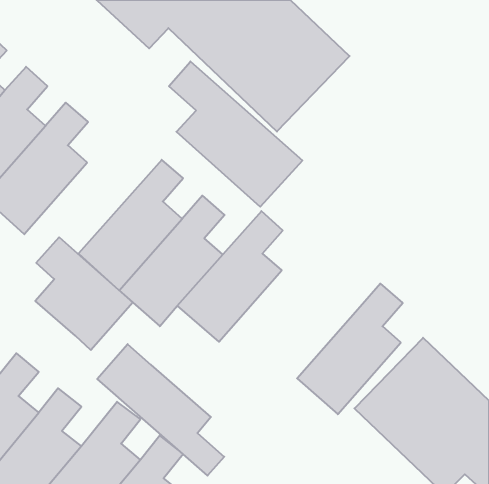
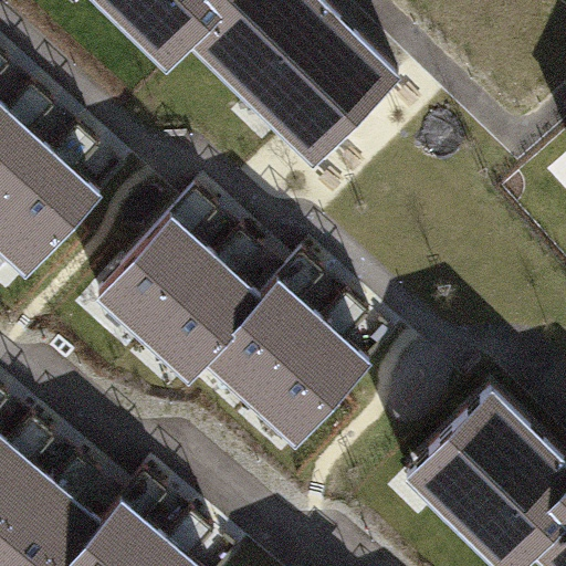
building: [169,61,302,207] -> none
building: [35,237,133,350] -> none
building: [297,284,403,414] -> [250,294,370,443]
building: [97,344,224,476] -> none

